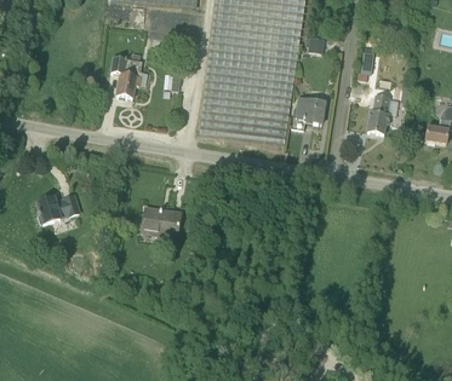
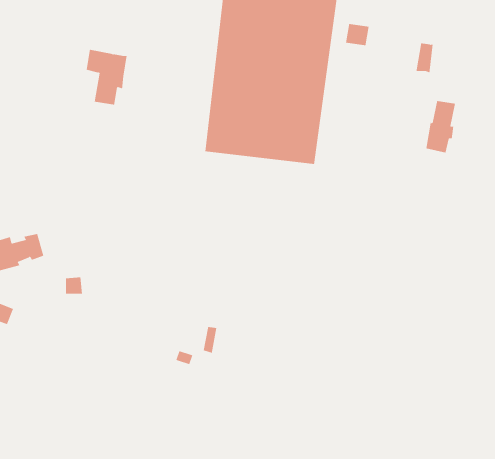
building: [291,98,325,129] -> none
building: [141,207,181,237] -> none

